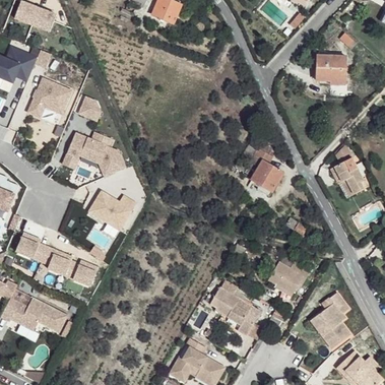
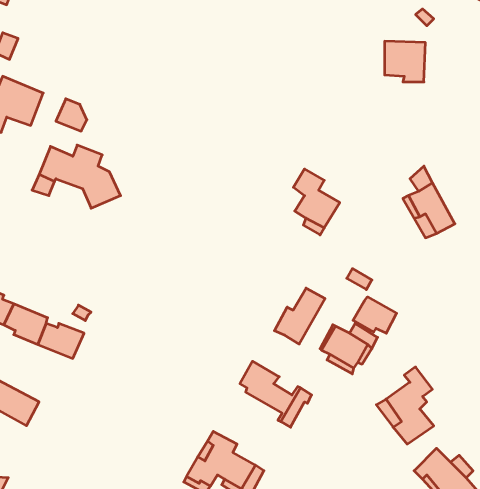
building: [89,190,135,227] -> none
building: none -> [274,288,325,344]
building: none -> [353,297,397,333]

